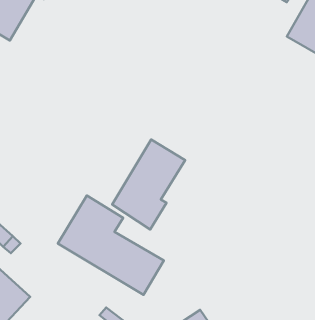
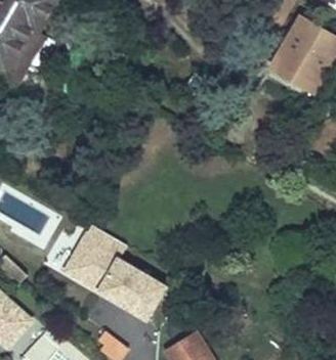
building: [112,139,185,230] -> none

